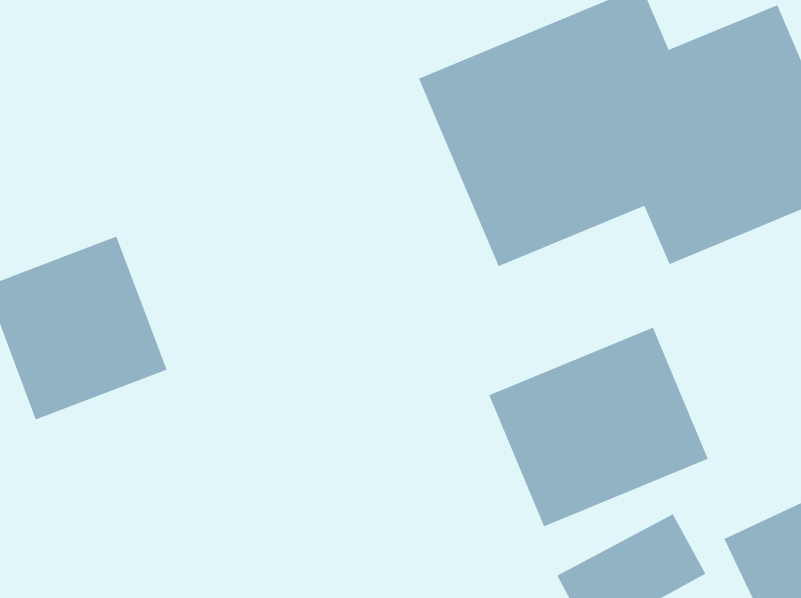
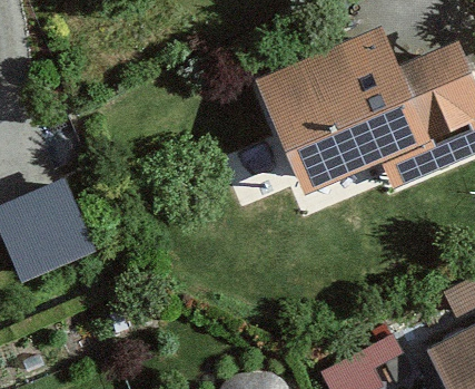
building: [488,327,709,527] -> none

